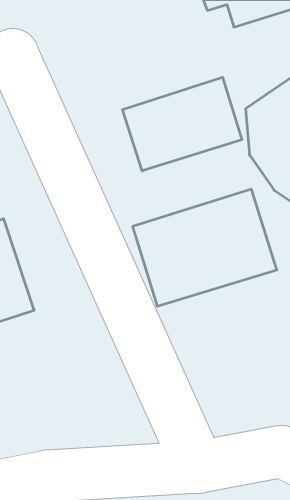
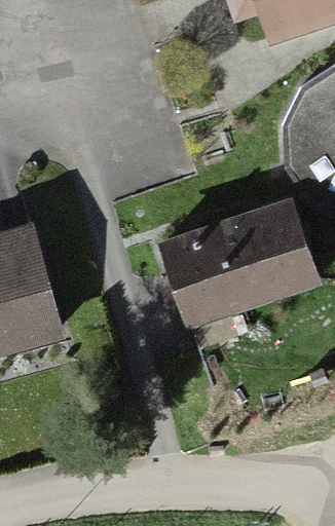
building: [123,77,242,171] -> none

